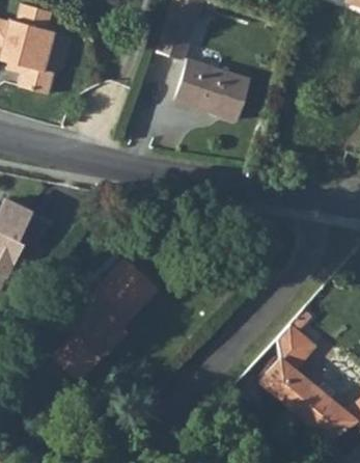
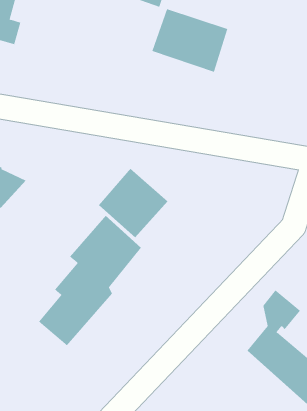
building: none -> [98,168,168,238]

